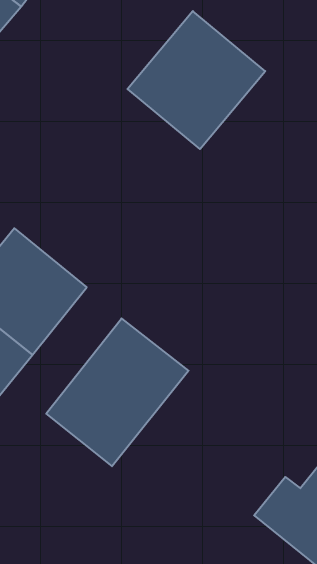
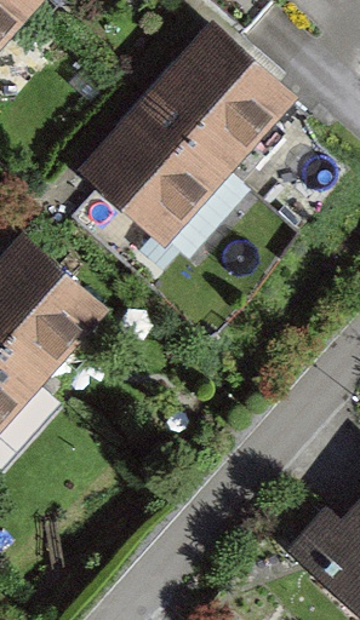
building: none -> [82,98,225,241]
building: [46,318,189,466] -> none

